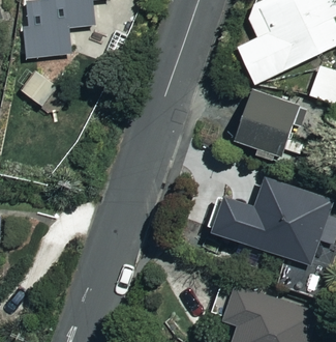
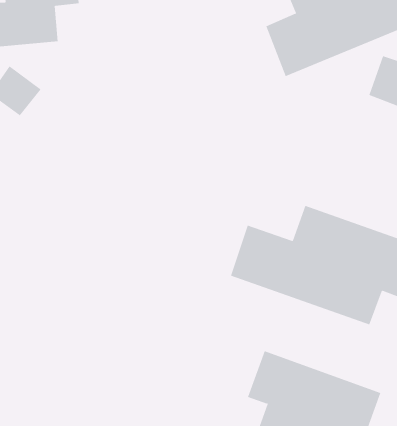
building: [220,85,284,151] -> none

